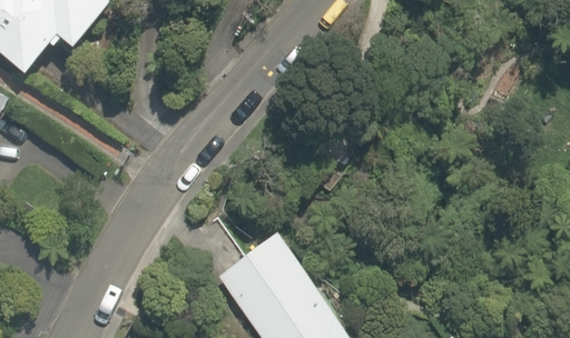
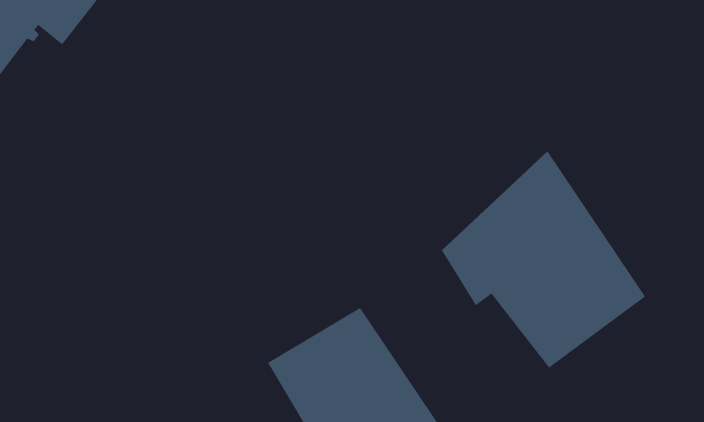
building: none -> [441,151,646,369]

